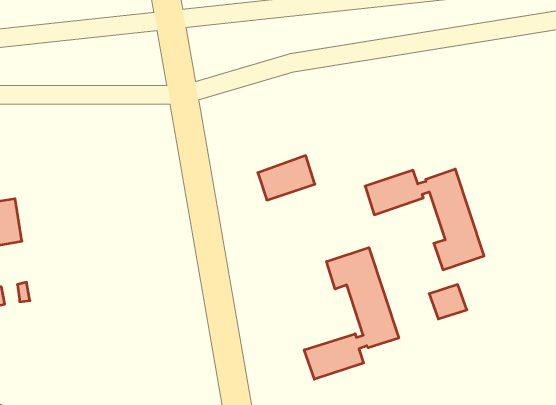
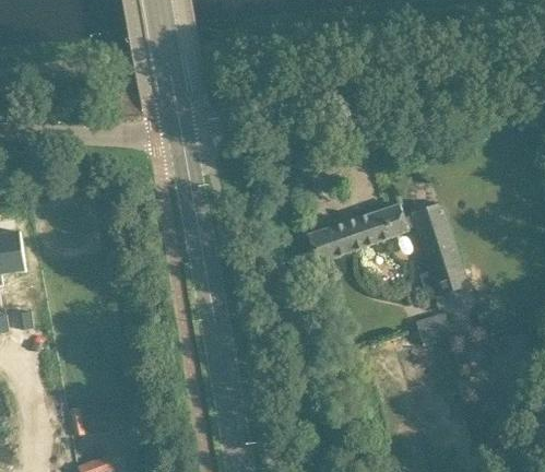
building: [258,156,315,200] -> [307,217,362,260]
building: [304,248,399,379] -> none

